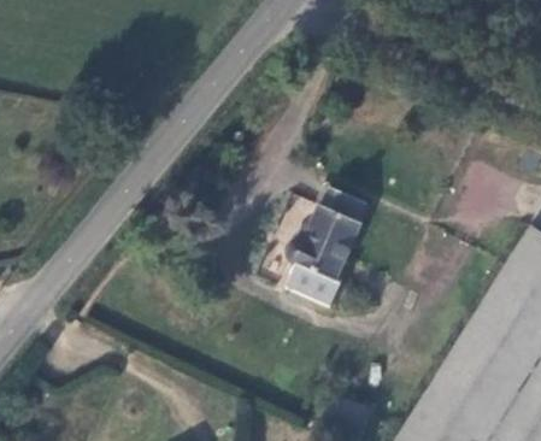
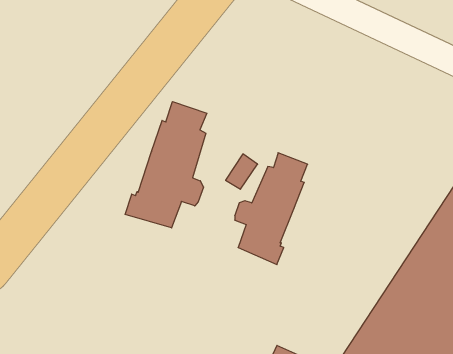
building: none -> [125,102,207,228]

